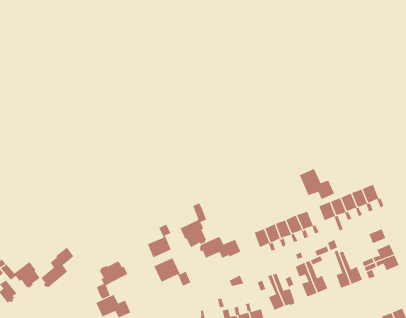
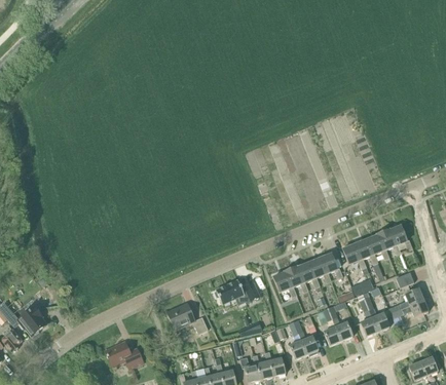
building: [299,168,335,200] -> none
building: [180,202,207,248] -> none
building: [147,224,172,258] -> none
building: [40,247,74,288] -> none
building: [96,260,128,300] -> none

